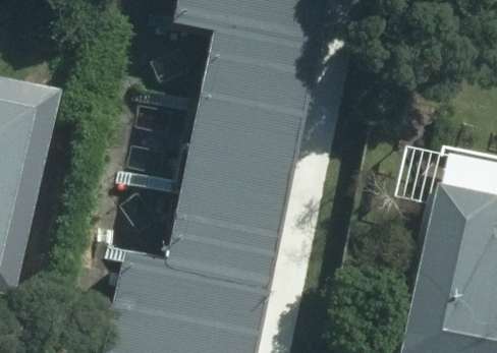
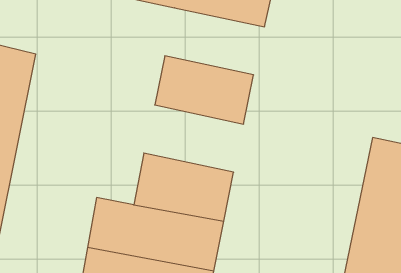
building: [203,36,315,111] -> none
building: [179,144,291,220] -> none

